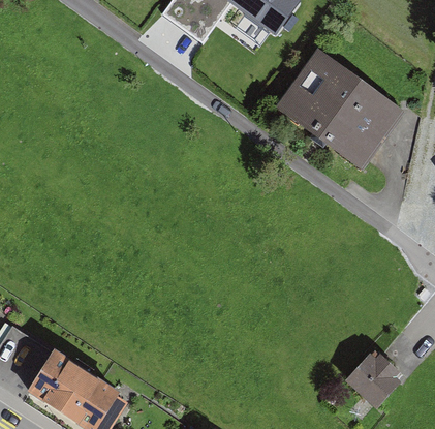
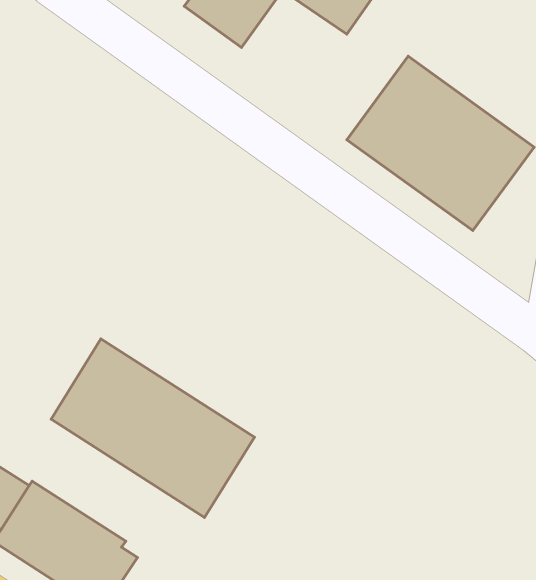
building: none -> [51,339,254,518]
building: [344,346,401,407] -> none

